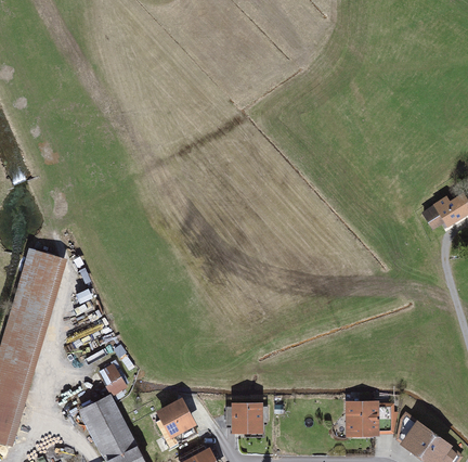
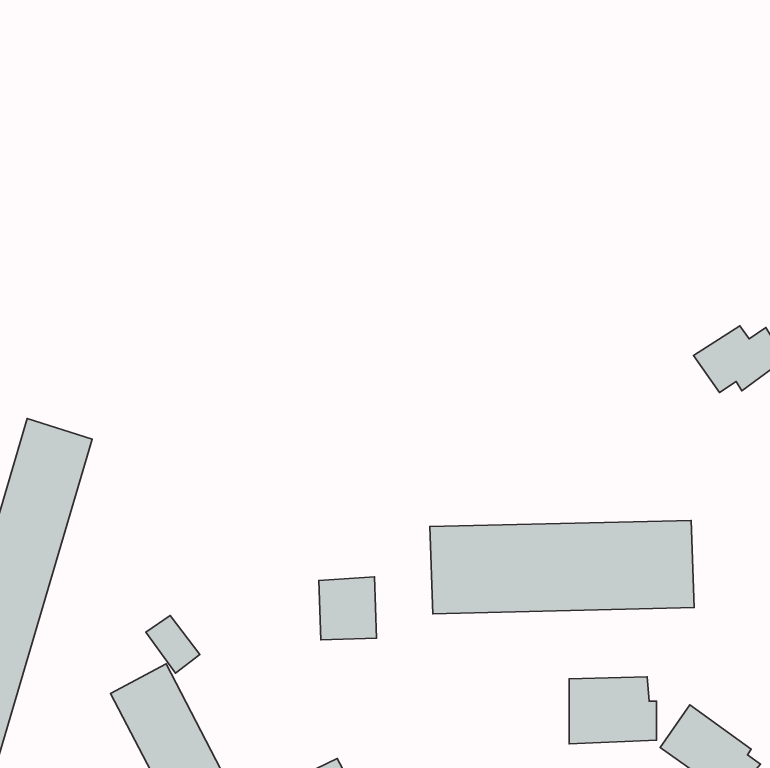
building: none -> [430,520,694,614]
building: [156,396,197,439] -> none
building: [232,400,265,437] -> [319,577,376,640]

